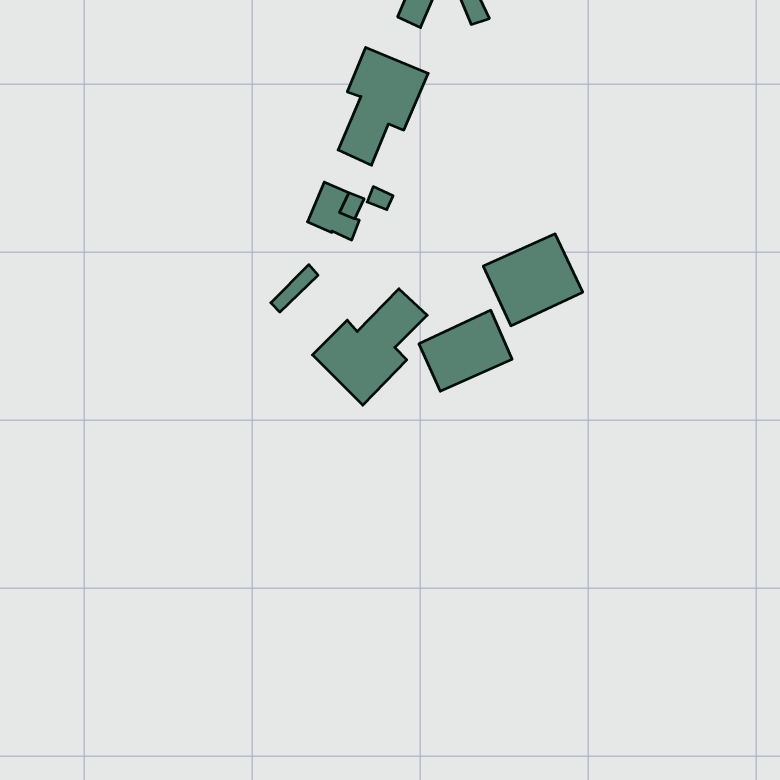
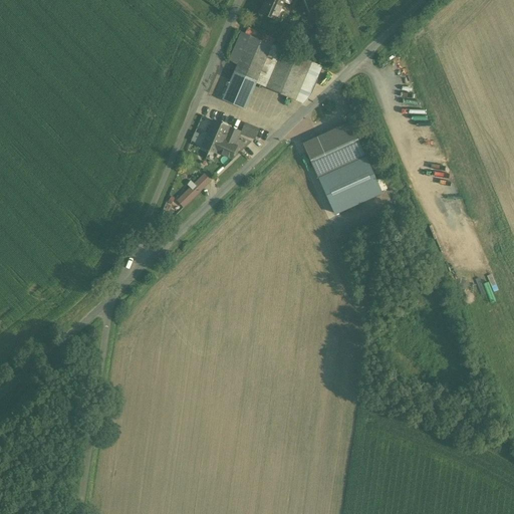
building: none -> [266,49,310,98]
building: [312,289,427,405] -> none
building: [419,310,512,391] -> [303,121,364,175]

